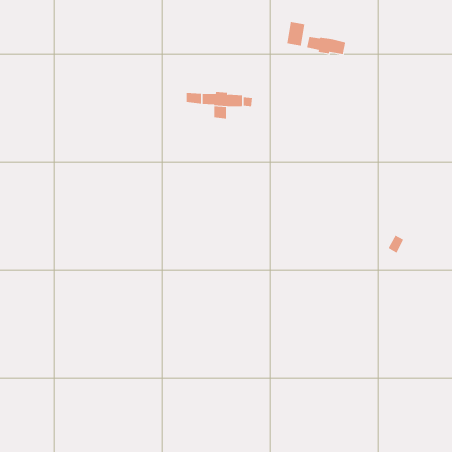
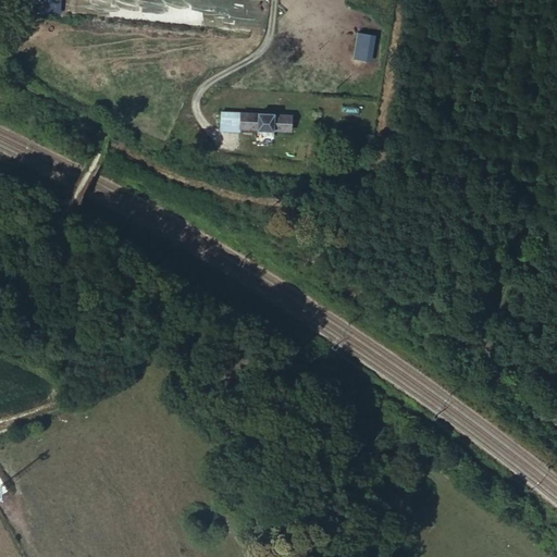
building: [307,36,346,55] -> none

